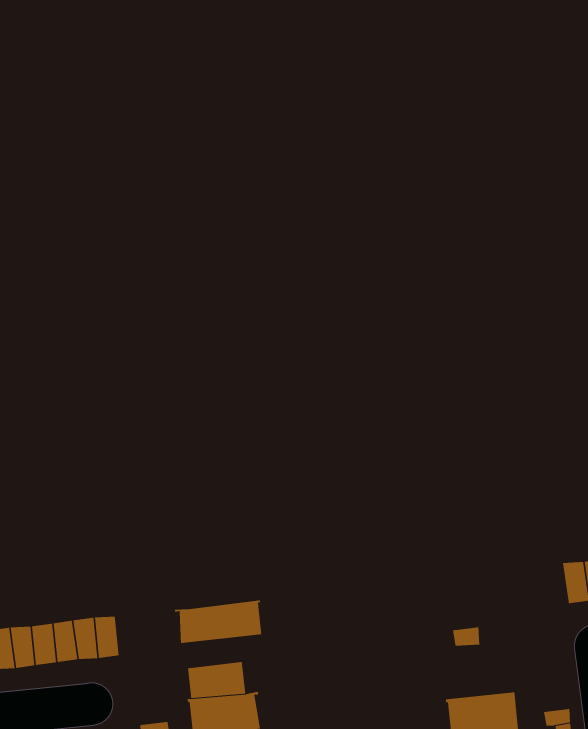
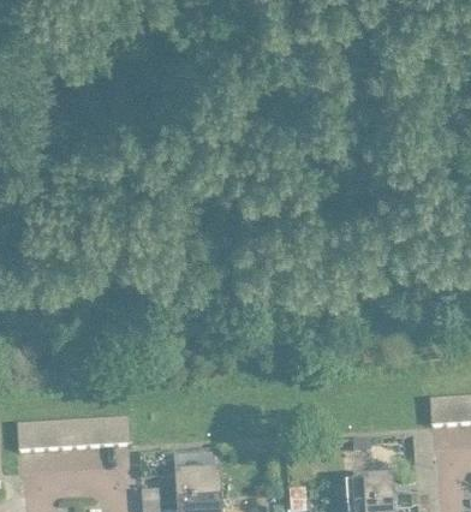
building: [174,600,262,644] -> none

